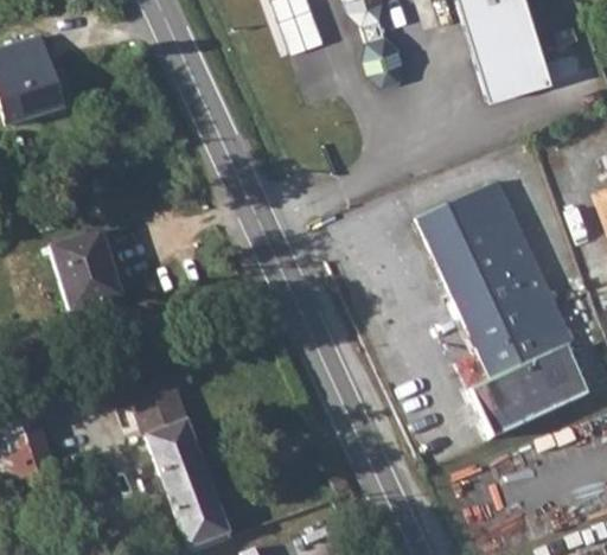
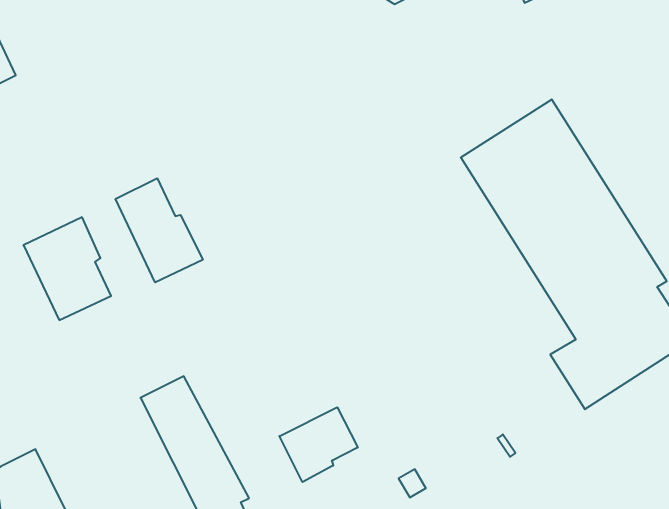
building: none -> [116,178,203,282]
building: none -> [279,407,358,482]

